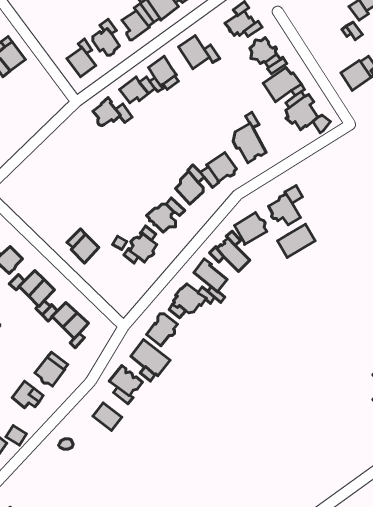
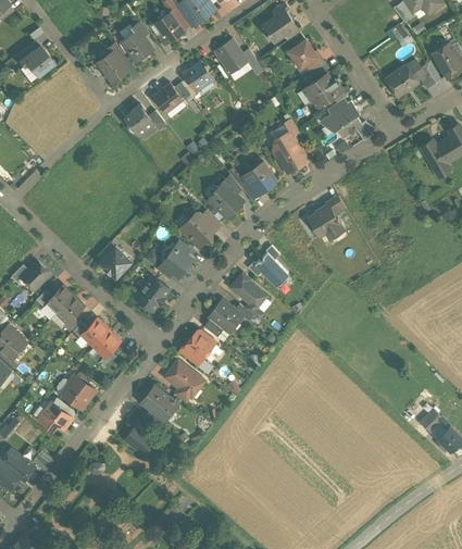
building: [234,212,267,245] -> none
building: [278,224,315,258] -> none
building: none -> [135,276,168,311]

